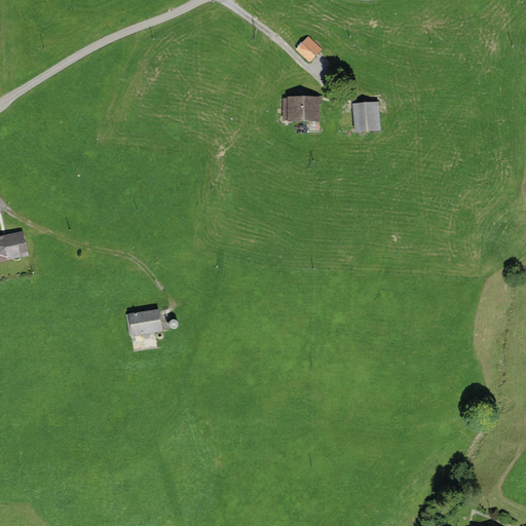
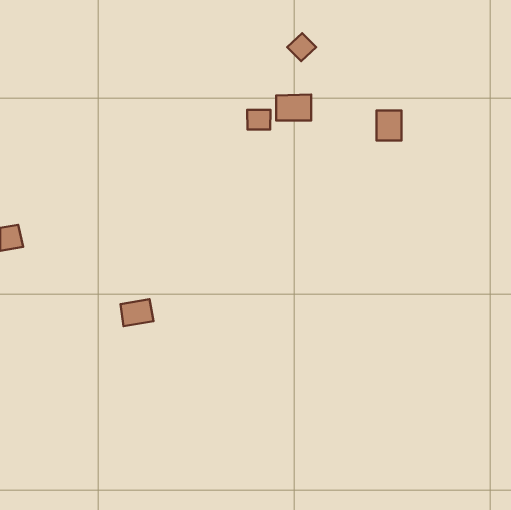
building: [353,103,379,134] -> [376,111,401,141]
building: none -> [247,110,271,130]

